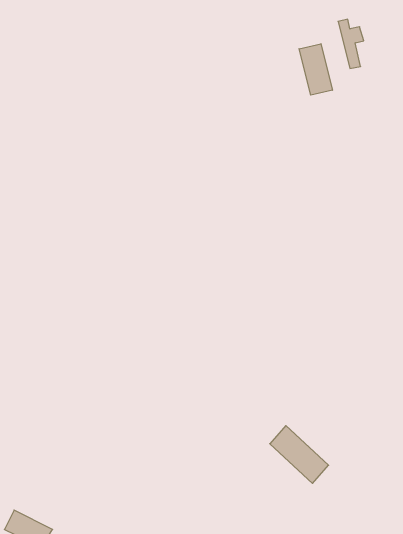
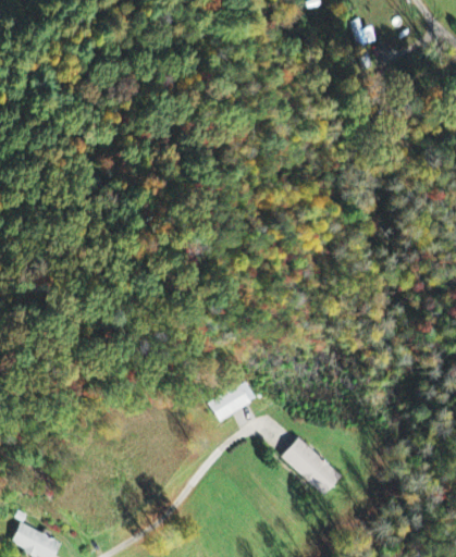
building: [299,44,332,95] -> none
building: none -> [208,385,248,421]

